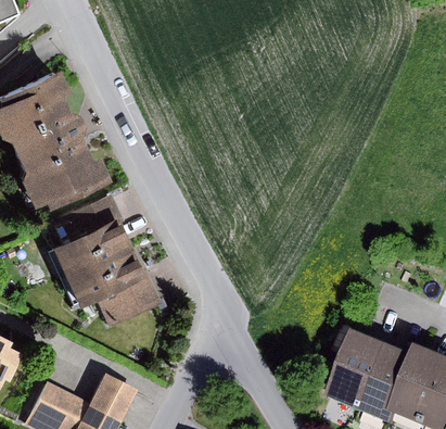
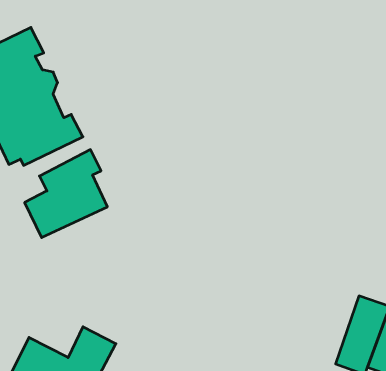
building: [61,249,163,326] -> none
building: [330,329,385,409] -> none

